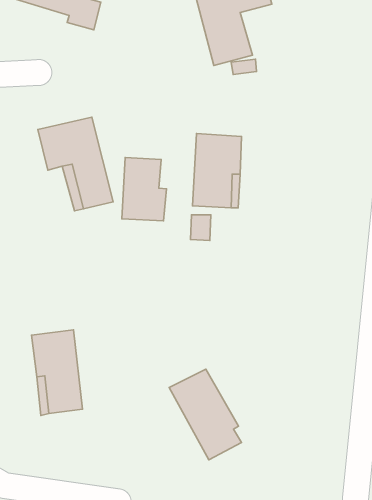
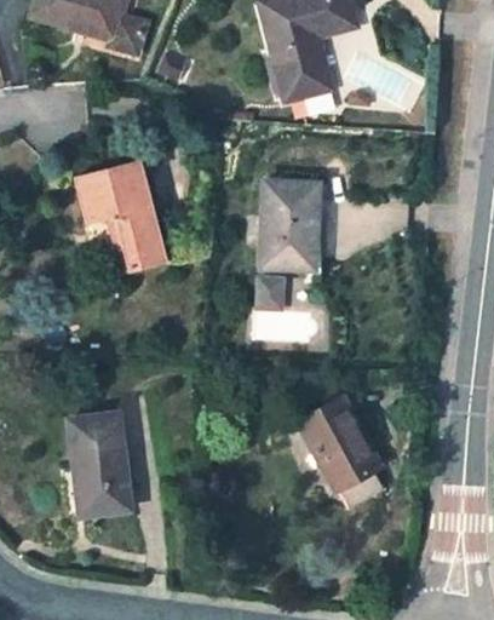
building: [122,157,166,221] -> none
building: [169,369,242,460] -> [298,398,384,506]

